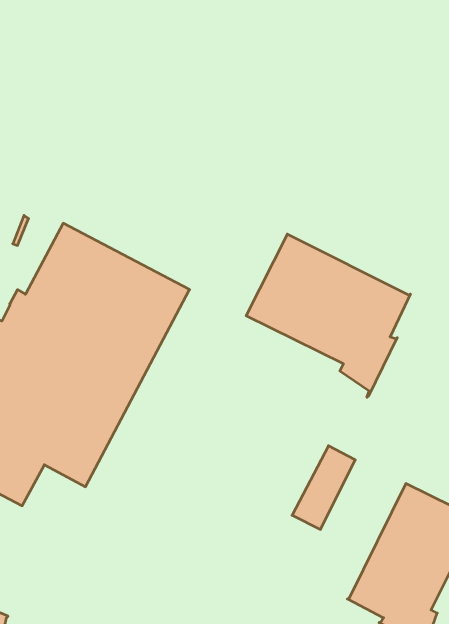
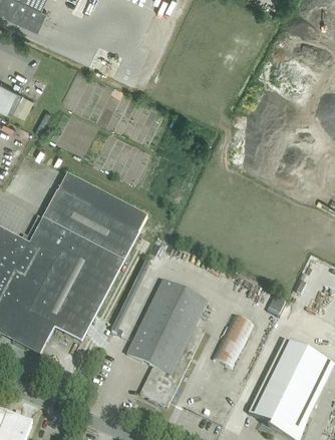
building: [246,234,410,397] -> none
building: none -> [126,281,208,408]

